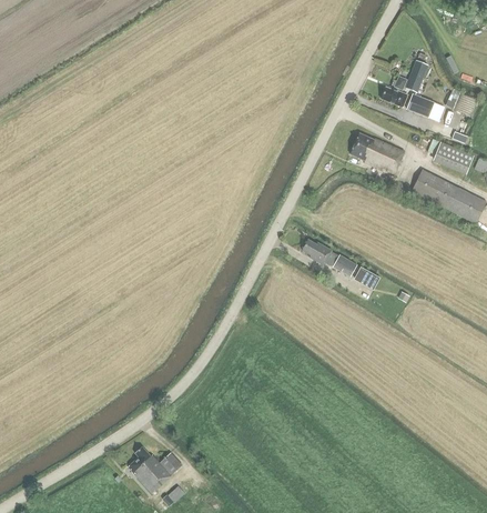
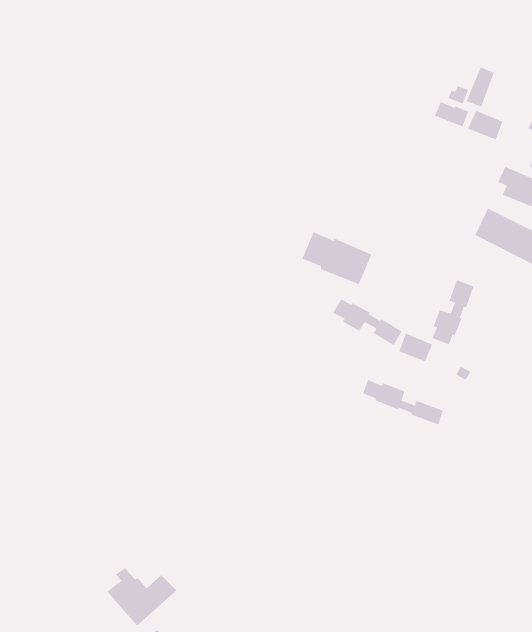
building: [349,133,404,174] -> [302,232,372,285]
building: none -> [431,280,474,345]
building: none -> [363,379,444,425]

